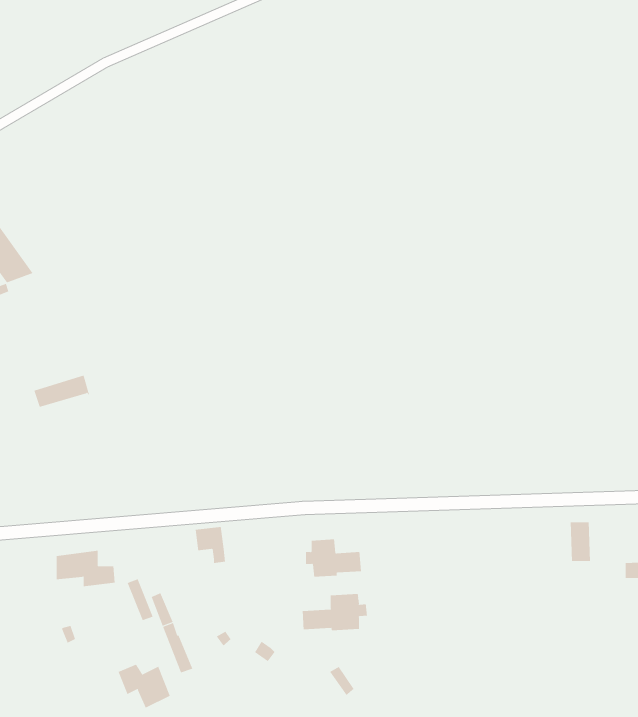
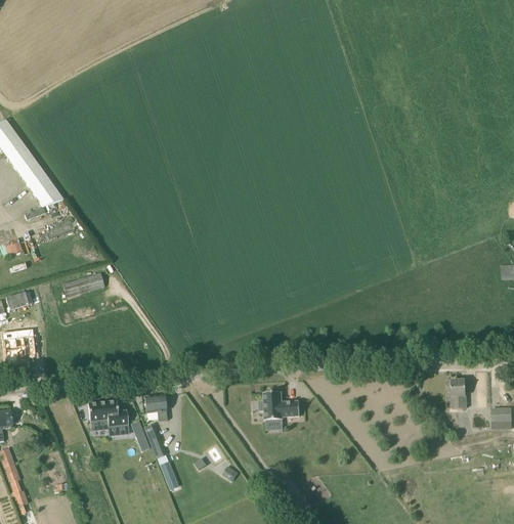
building: [195,527,226,563] -> [145,395,168,422]
building: [302,593,368,631] -> none
building: [118,664,170,709] -> none

